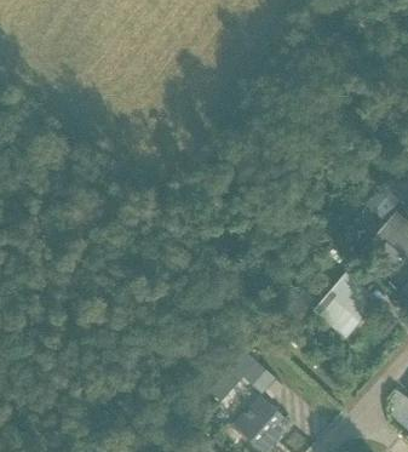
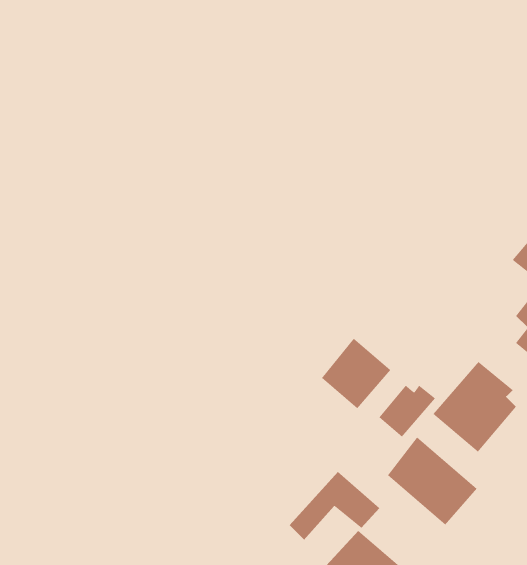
building: none -> [321,338,391,409]
building: none -> [387,437,478,525]

